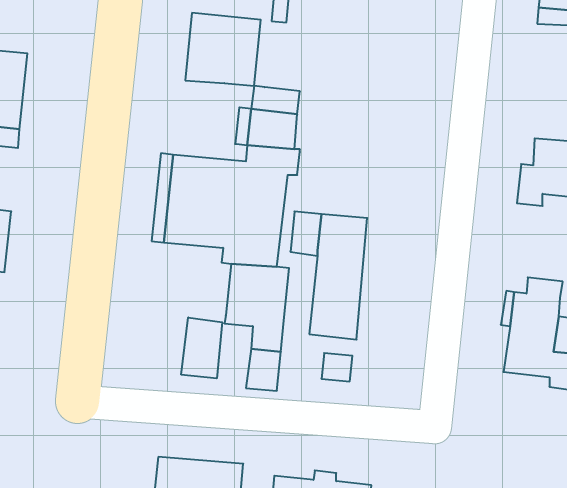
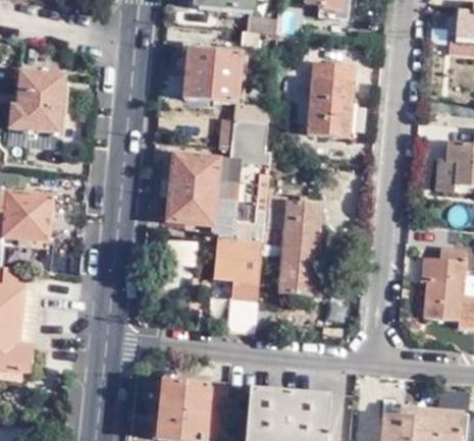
building: none -> [308,61,354,135]
building: [181,317,222,378] -> none

